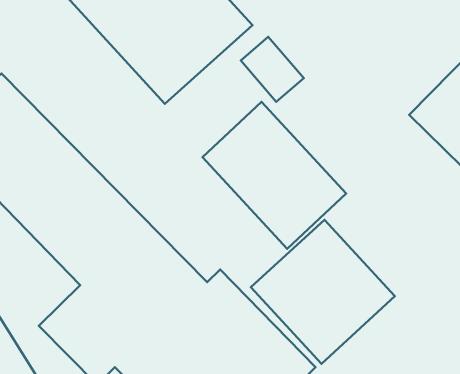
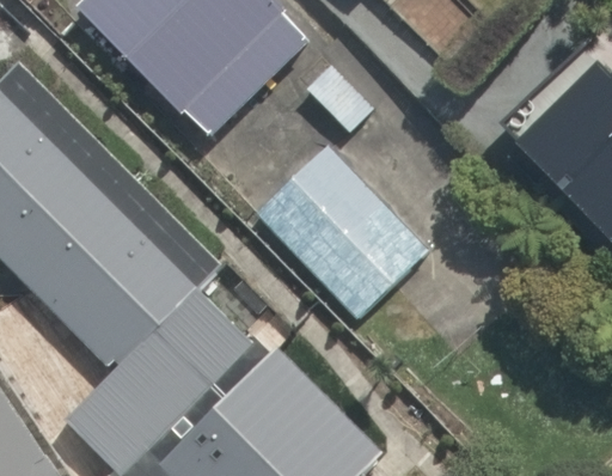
building: [251,220,395,364] -> none

